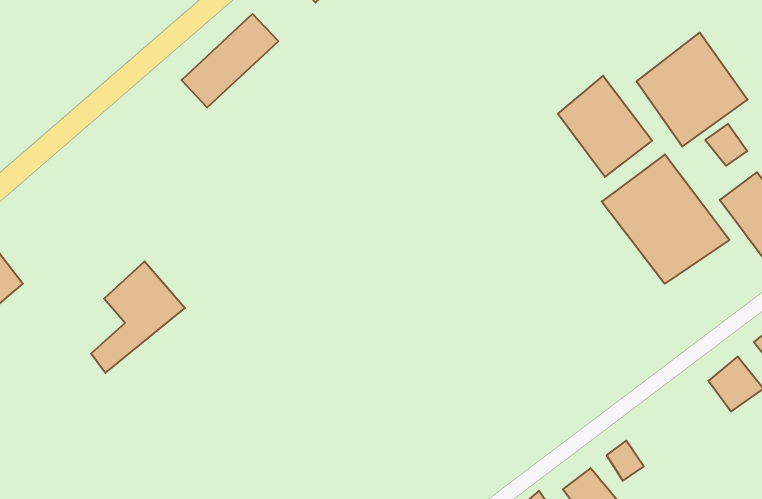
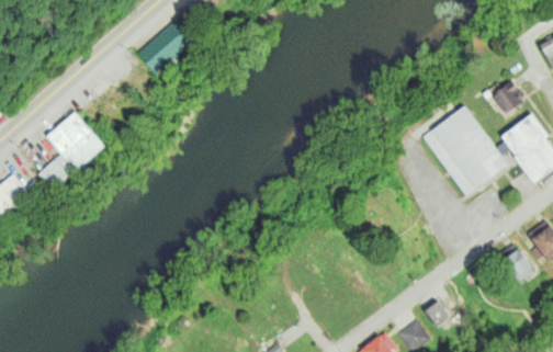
building: [637,33,748,147] -> none
building: [558,76,652,177] -> none
building: [91,261,185,373] -> [38,112,102,188]

